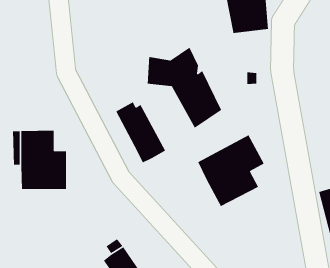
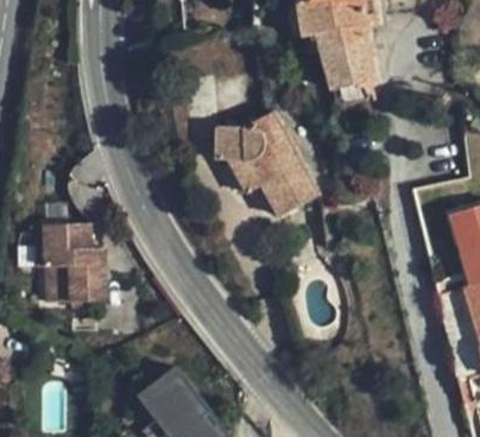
building: [115,101,166,163] -> none
building: [197,134,265,207] -> none

